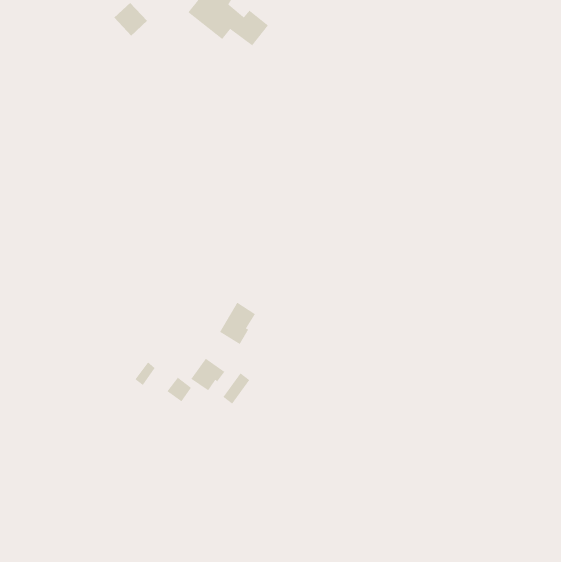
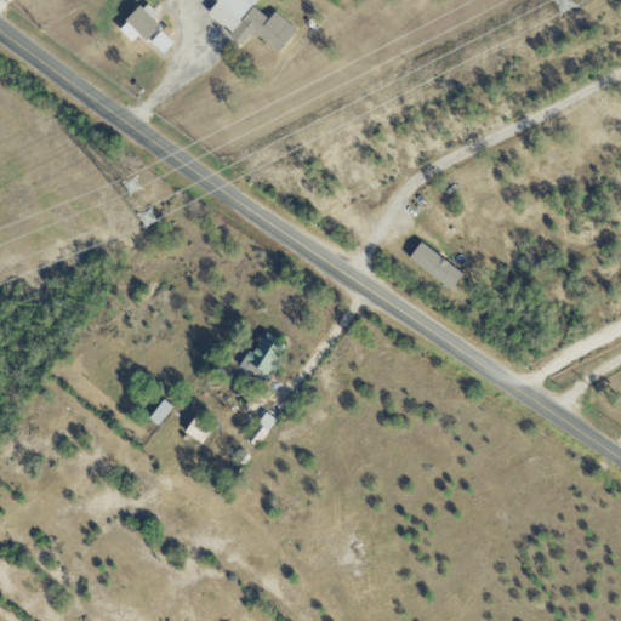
building: none -> [409,240,462,287]
building: [190,358,225,391] -> none

